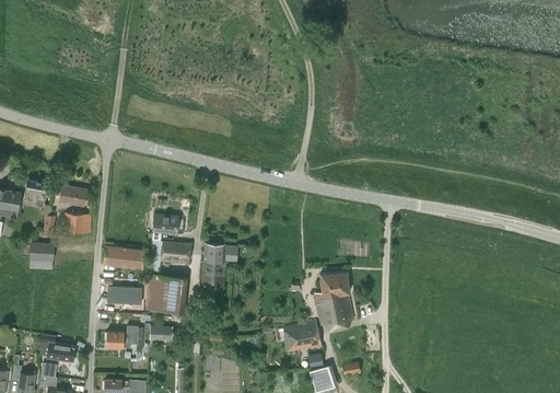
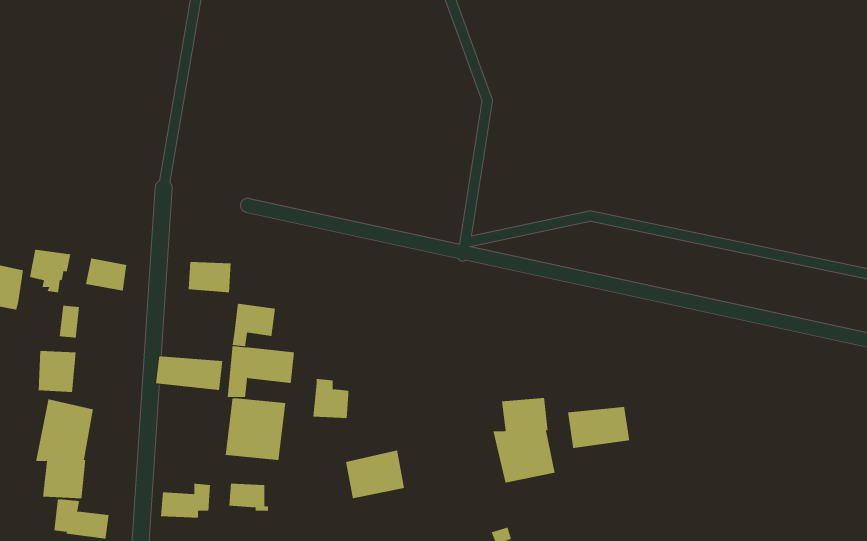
building: [63,213,91,233] -> [188,261,231,293]
building: [203,243,234,268] -> none
building: none -> [35,399,94,499]
building: none -> [567,406,630,449]
building: [108,287,136,304] -> none
building: [283,322,320,352] -> [345,450,405,499]

